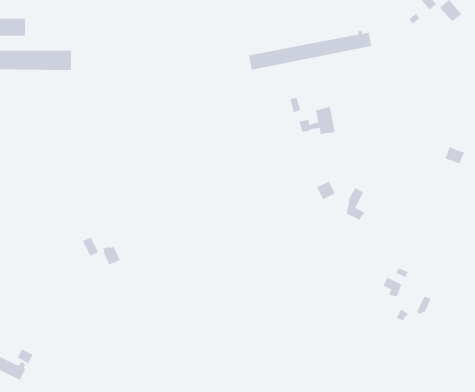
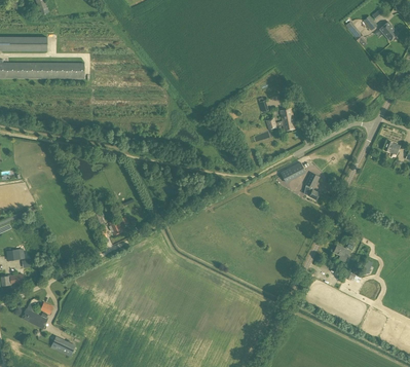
building: [248,30,372,71] -> none

